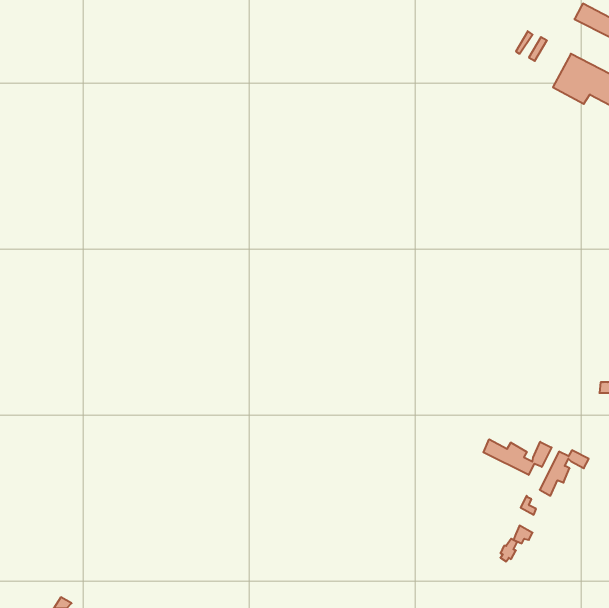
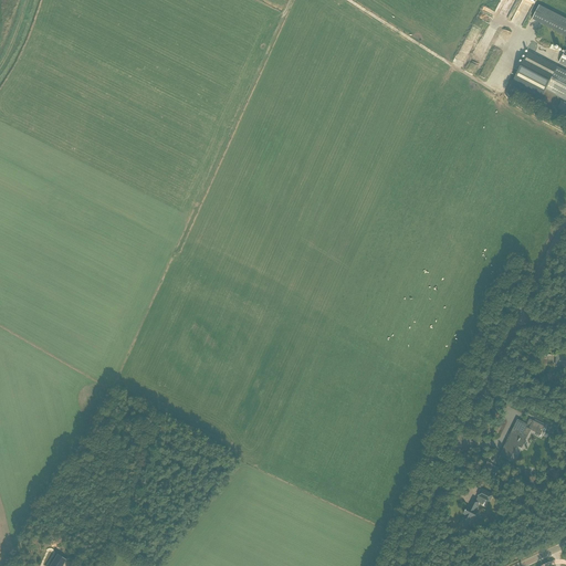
building: [483,439,552,475] -> none

